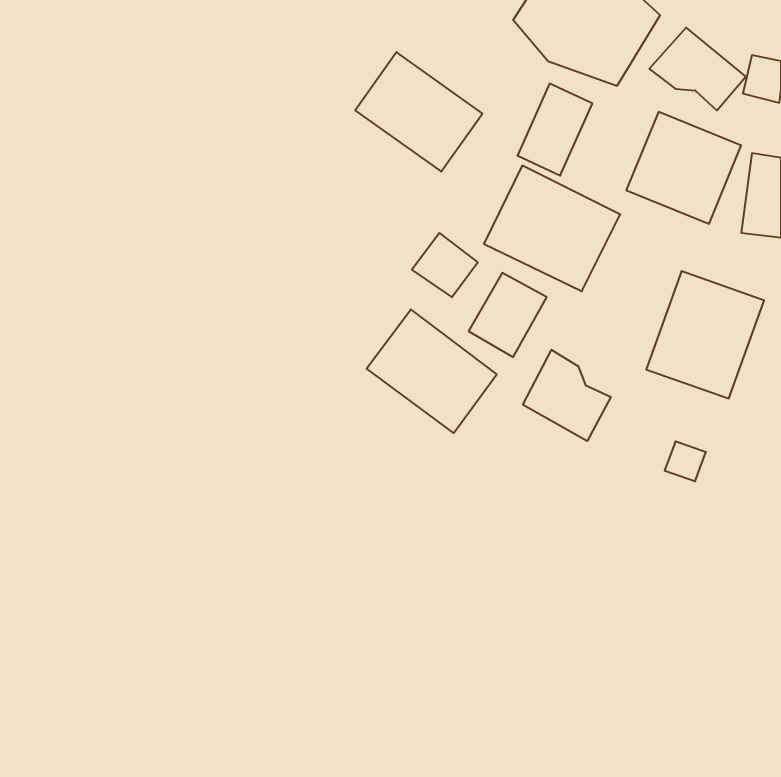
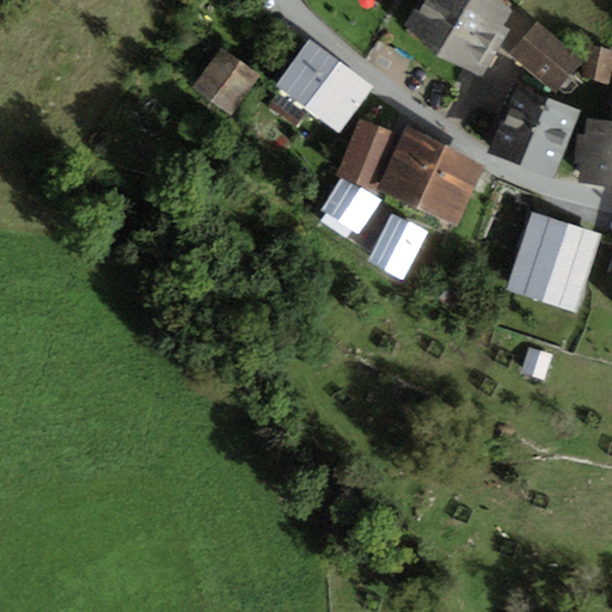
building: none -> [192,47,259,112]
building: [517,84,592,176] -> [337,118,396,190]
building: [367,309,497,433] -> none
building: [523,350,611,441] -> none

